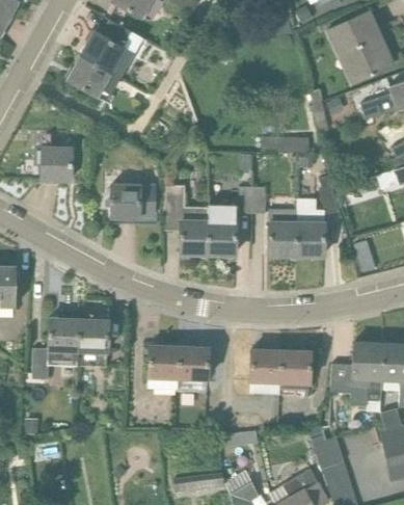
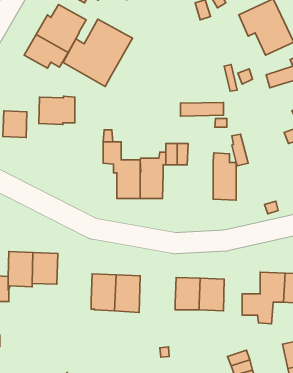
building: none -> [63,19,132,86]
building: [110,183,154,217] -> [39,96,75,124]
building: [268,209,296,255] -> none

